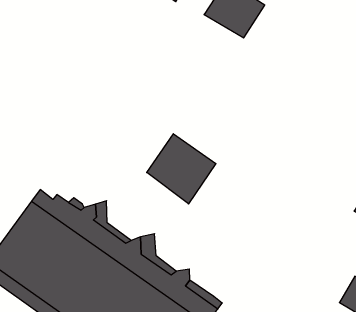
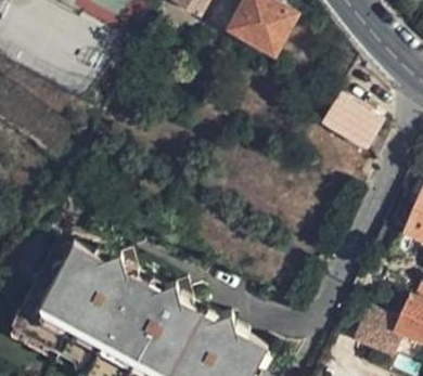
building: none -> [333,93,392,143]
building: [147,134,216,204] -> none

